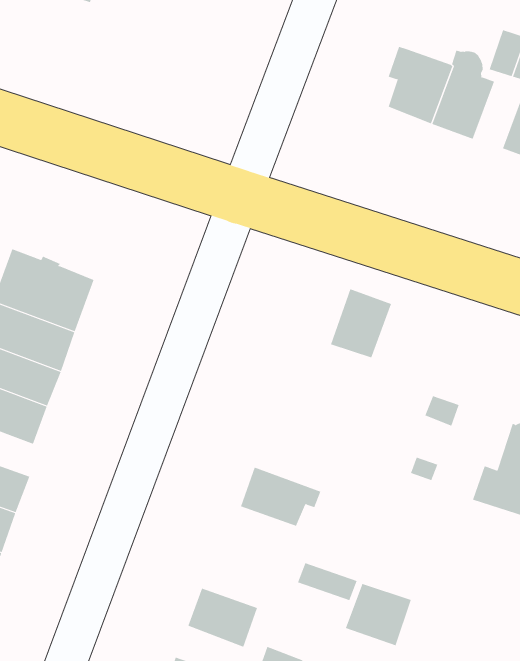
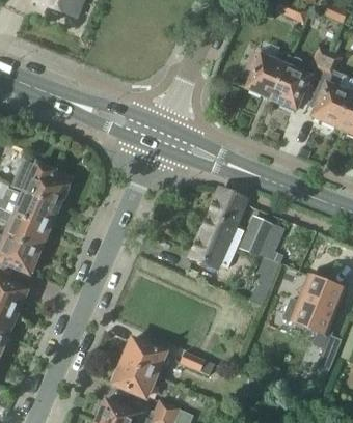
building: none -> [241,218,272,255]
building: none -> [192,224,229,265]
building: [240,467,321,527] -> [123,339,170,375]
building: [345,583,412,646] -> none

